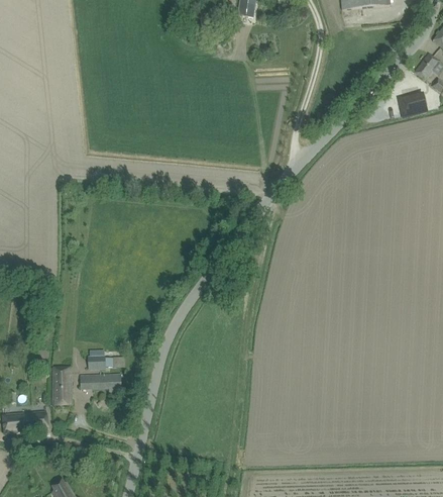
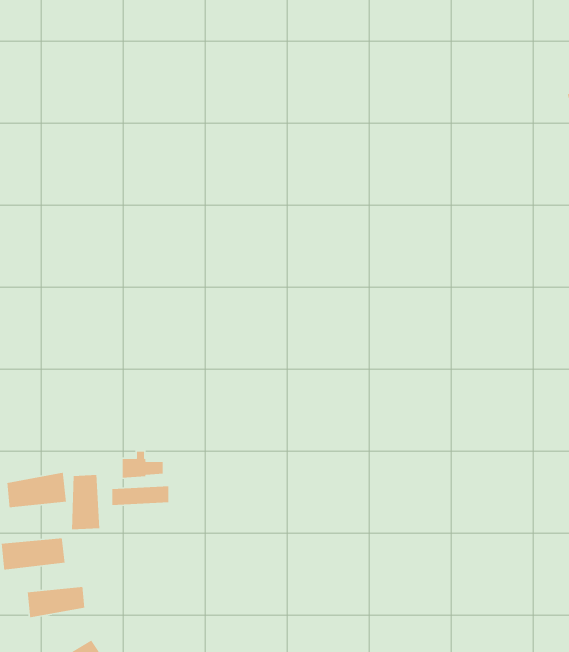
building: none -> [6,472,67,508]
building: none -> [27,586,85,618]

